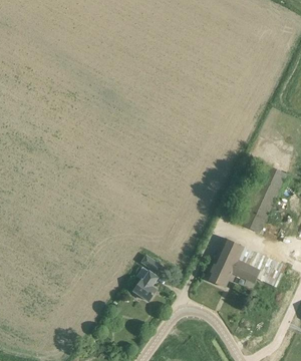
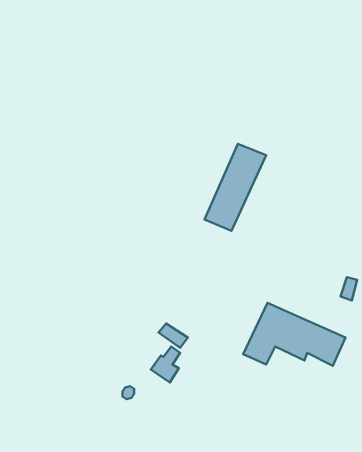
building: [237,165,285,234] -> [205,144,266,231]

